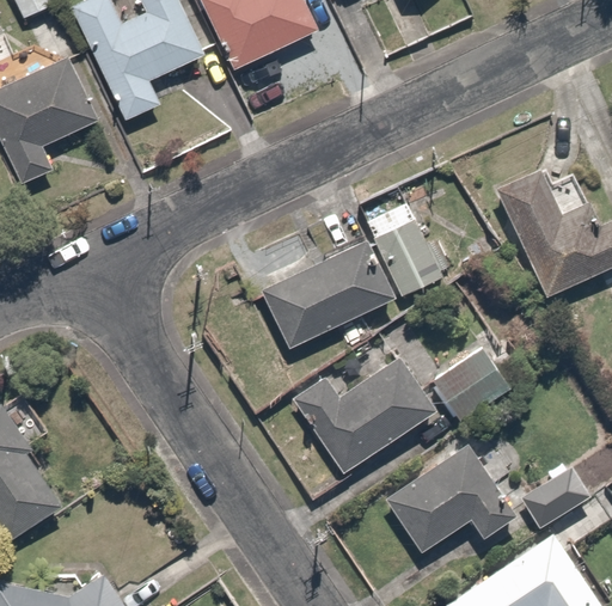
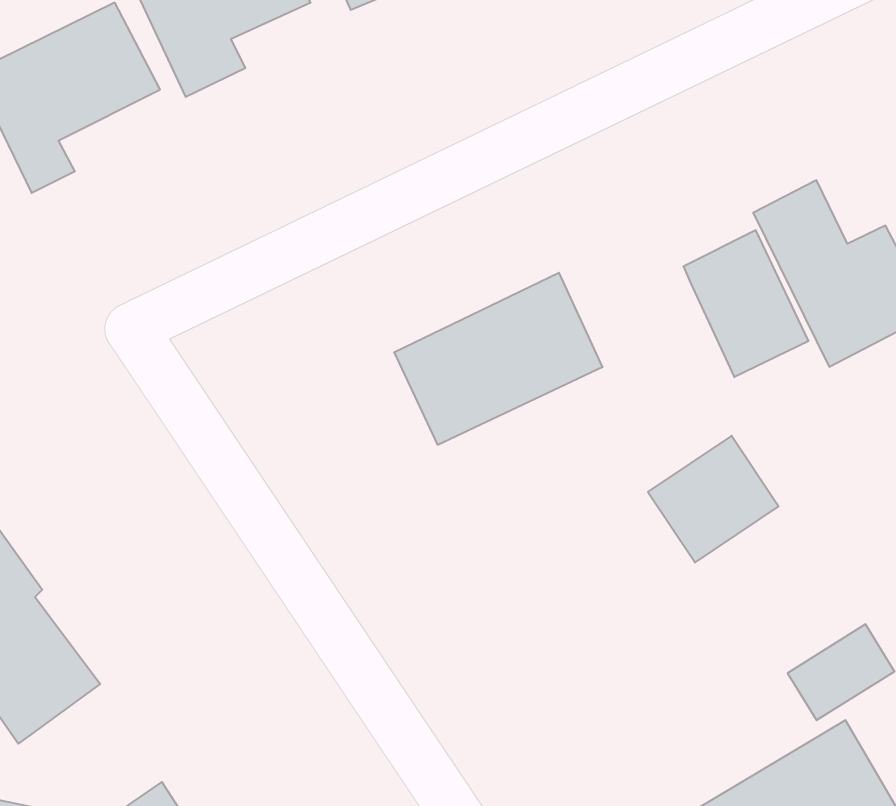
building: [365,201,447,298] -> [683,230,809,377]
building: [292,357,437,473] -> none
building: [386,448,515,549] -> none

